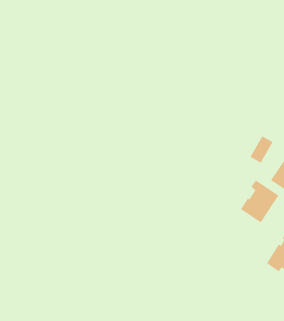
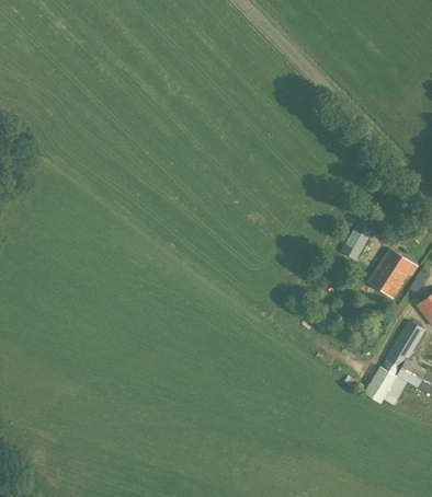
building: [240,180,279,223] -> none

